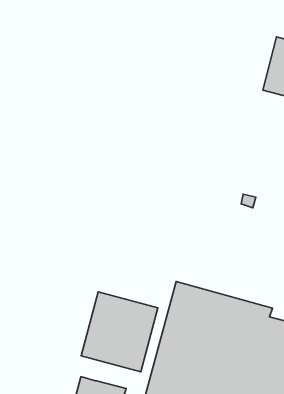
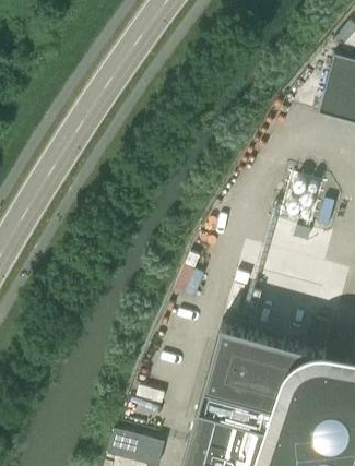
building: [81,292,158,372] -> none

